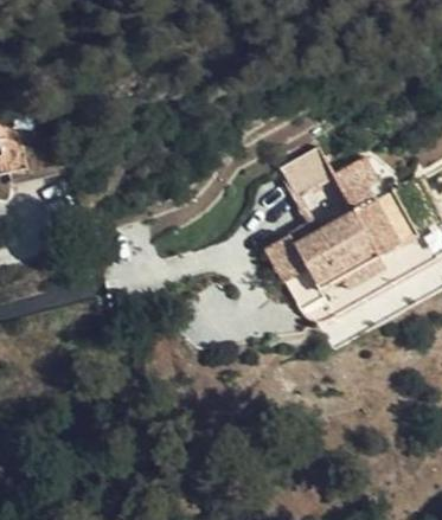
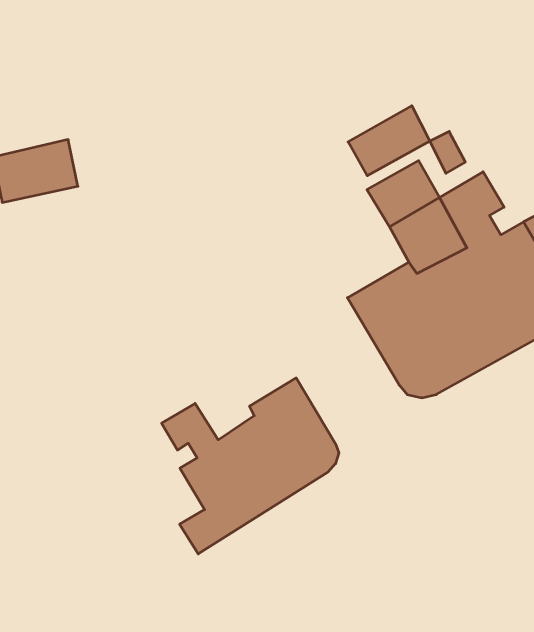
building: none -> [348,106,430,176]
building: none -> [162,378,339,554]

